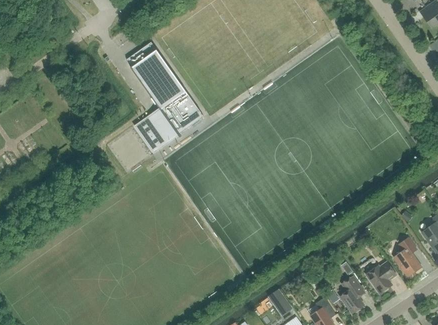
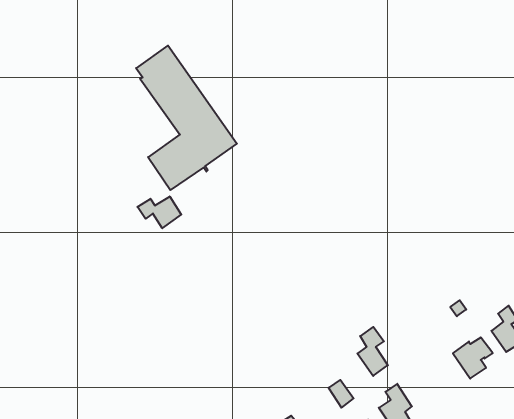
building: none -> [137,196,181,228]
building: [340,276,363,313] -> [357,327,388,376]

